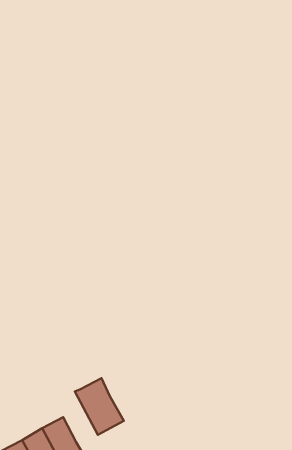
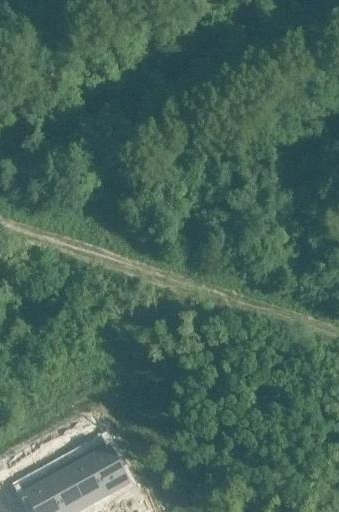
building: [75,378,124,435] -> none

